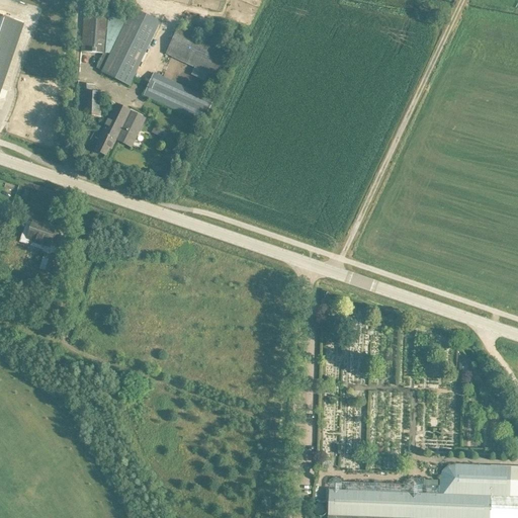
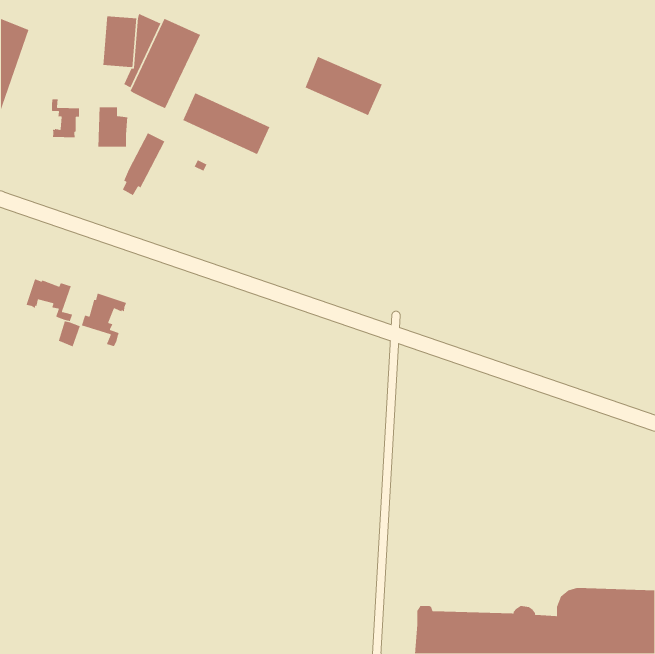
building: [167,29,229,77] -> [305,56,383,116]
building: none -> [51,99,80,138]
building: [116,111,145,147] -> none
building: none -> [81,293,127,347]

